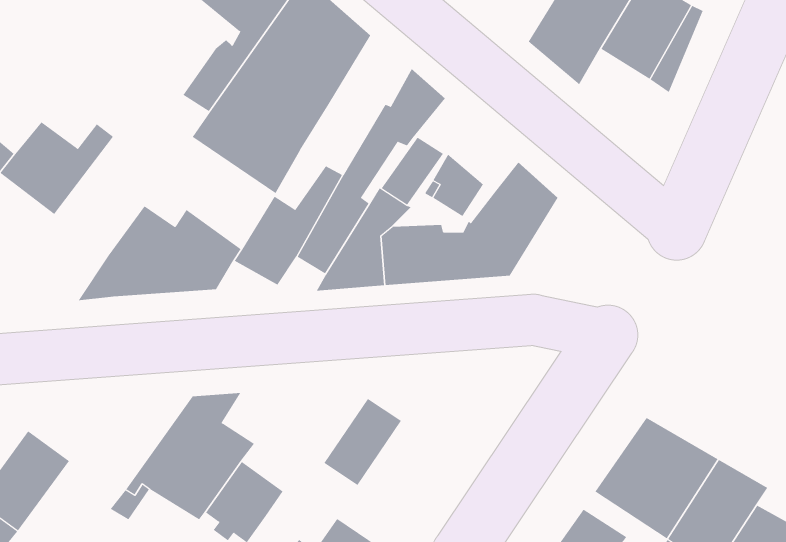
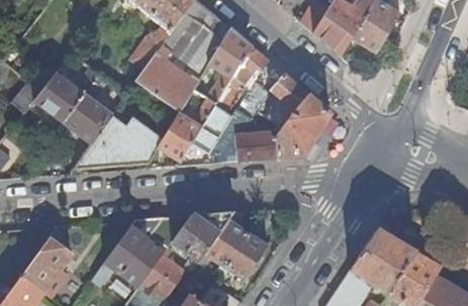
building: none -> [206,28,252,102]
building: none -> [271,74,308,127]
building: none -> [63,82,112,144]
building: none -> [171,212,233,271]
building: none -> [223,232,268,281]

